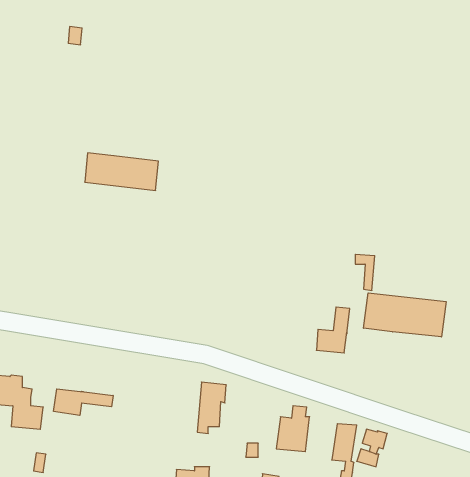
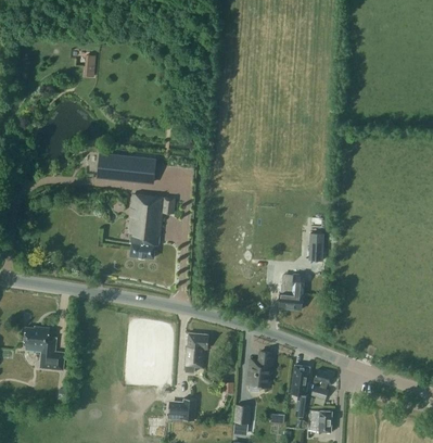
building: none -> [128,193,174,258]
building: [364,293,446,337] -> none
building: [54,389,113,415] -> none

